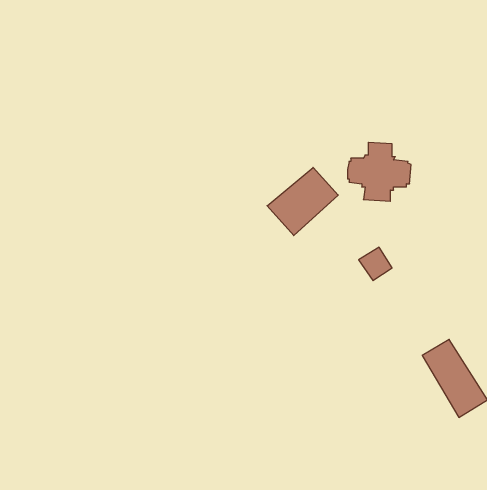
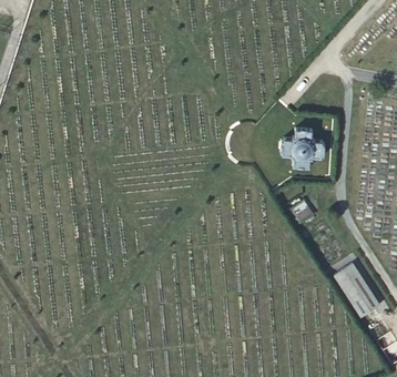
building: [267,167,338,236] -> none

